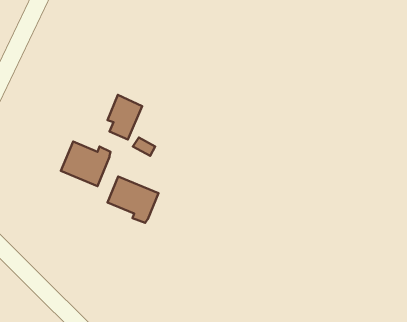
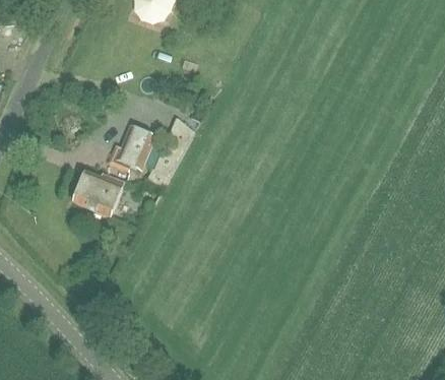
building: [107,176,159,223] -> none

